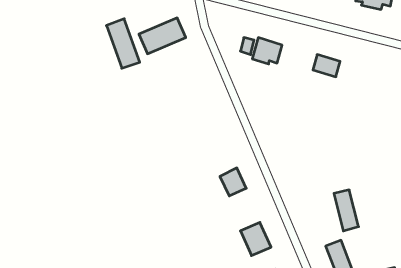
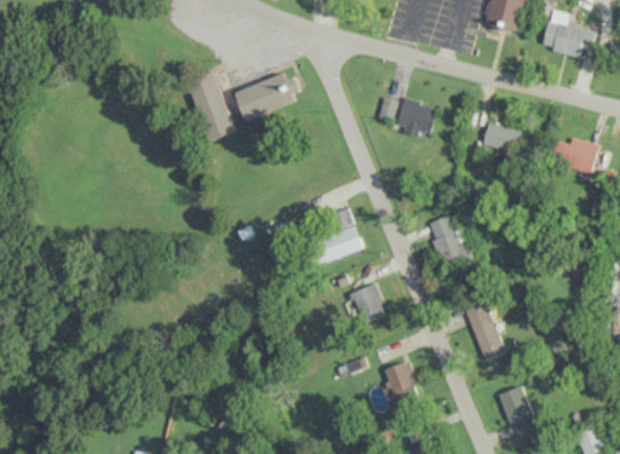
building: none -> [550,137,598,172]
building: none -> [426,215,473,270]
building: none -> [317,225,363,262]
building: [334,190,359,231] -> [466,303,501,361]

